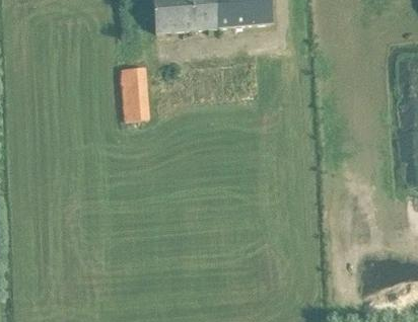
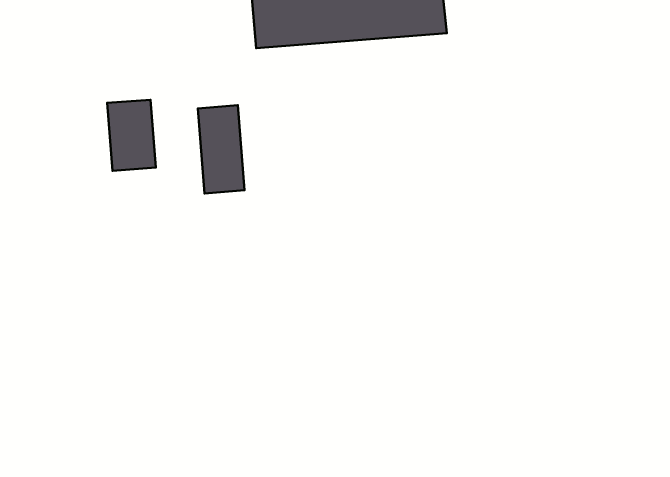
building: none -> [107,100,156,171]

